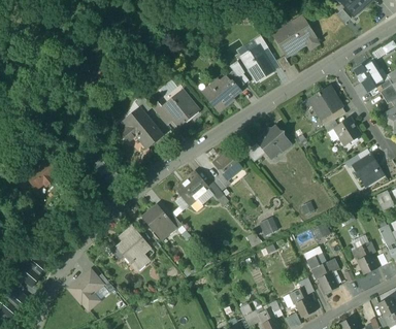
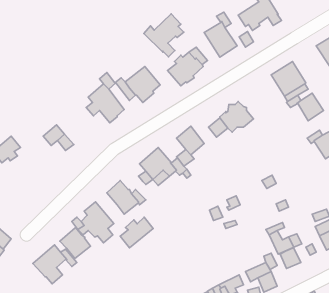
building: none -> [144,14,184,57]
building: none -> [120,217,153,248]
building: none -> [60,228,91,258]

